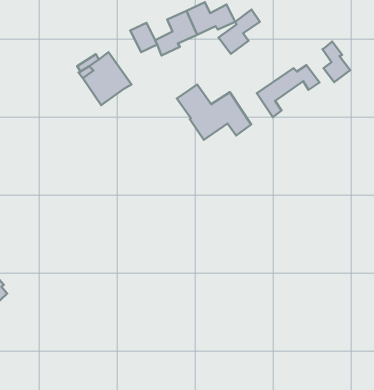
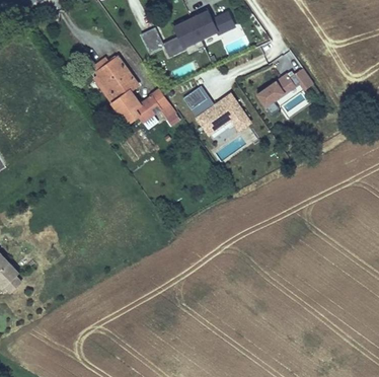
building: [219,9,260,54] -> none
building: [322,41,350,82] -> none
building: none -> [110,88,180,128]

